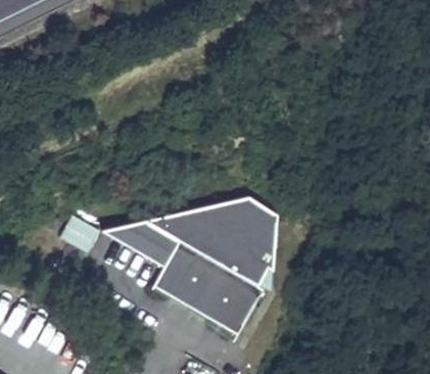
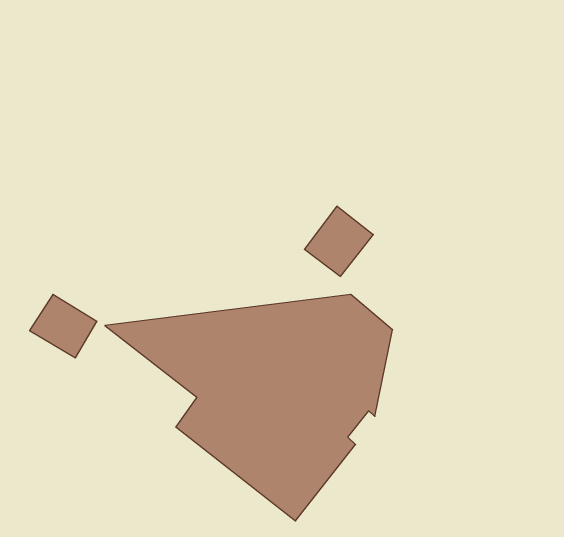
building: none -> [304,206,373,276]

